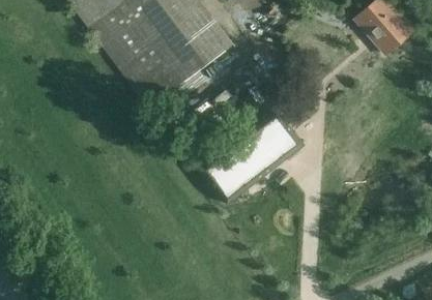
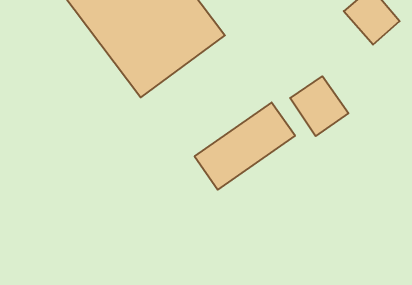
building: none -> [290,76,348,136]

